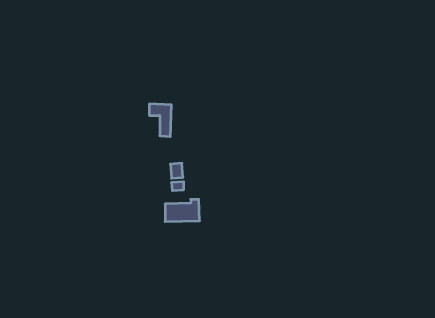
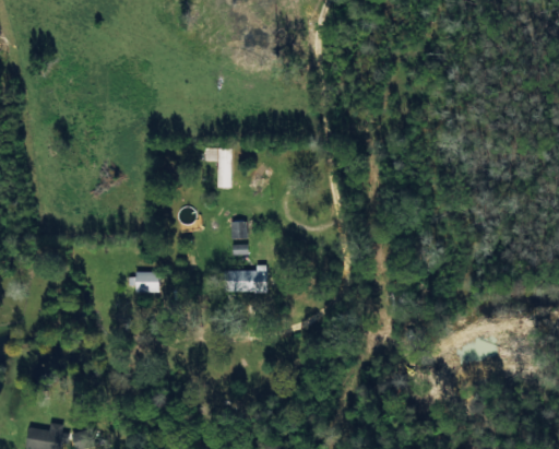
building: none -> [129,273,159,291]

